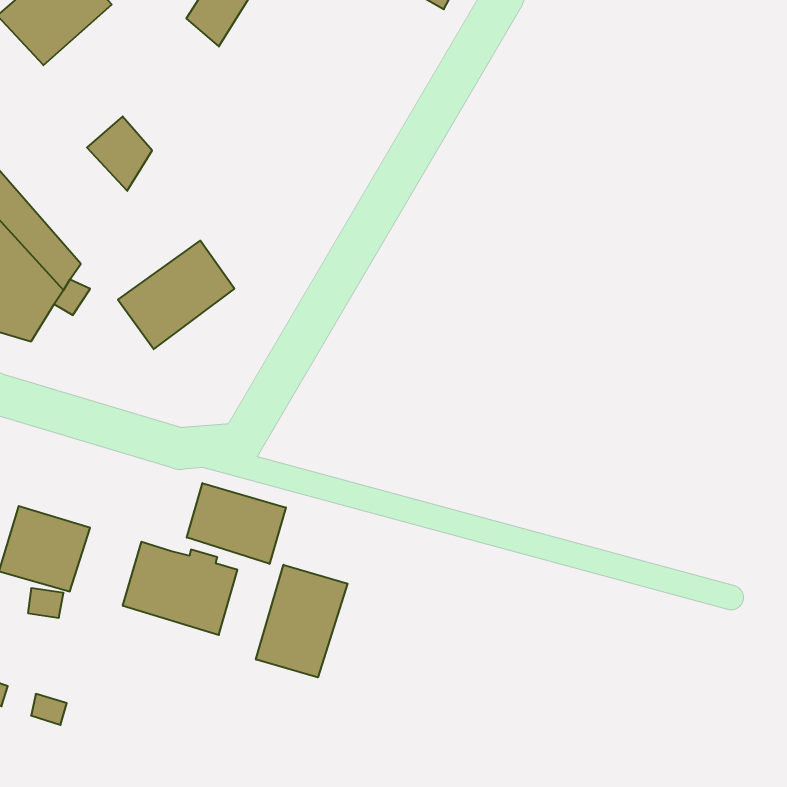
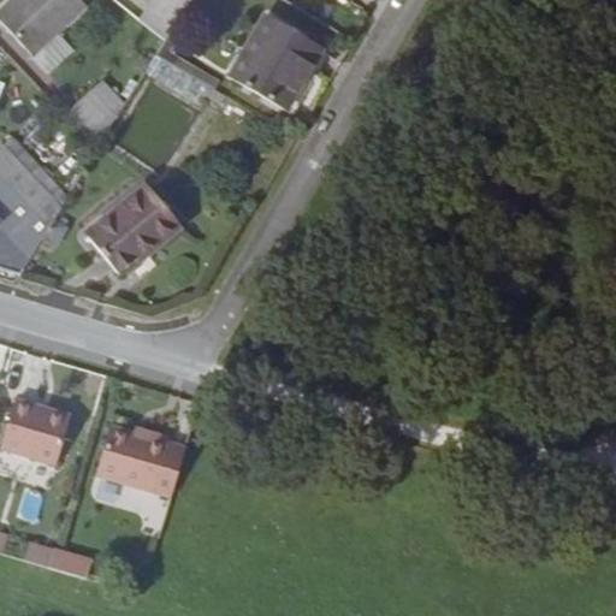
building: none -> [231,16,322,108]
building: [187,483,286,564] -> none
building: [256,565,348,677] -> none

